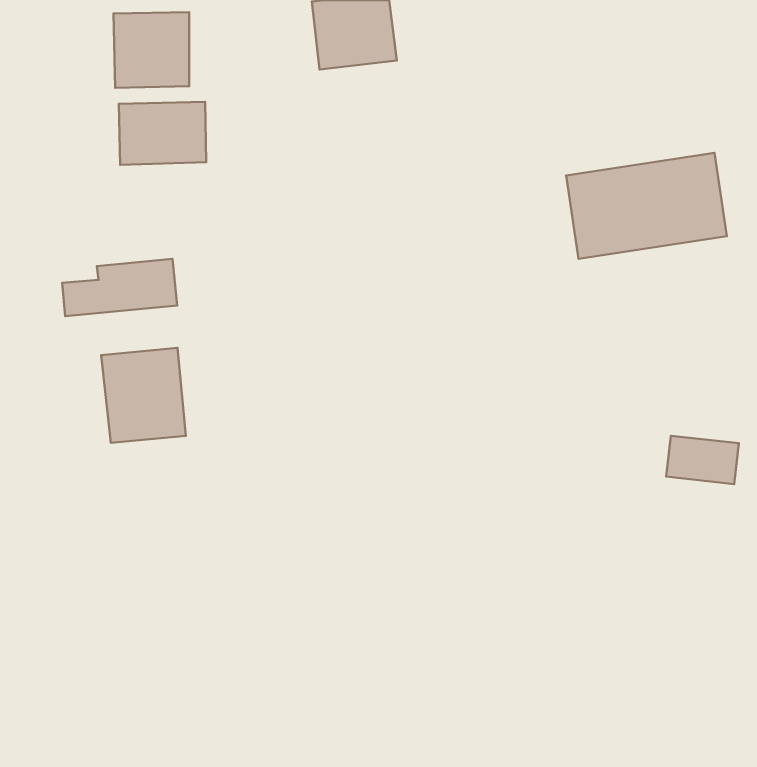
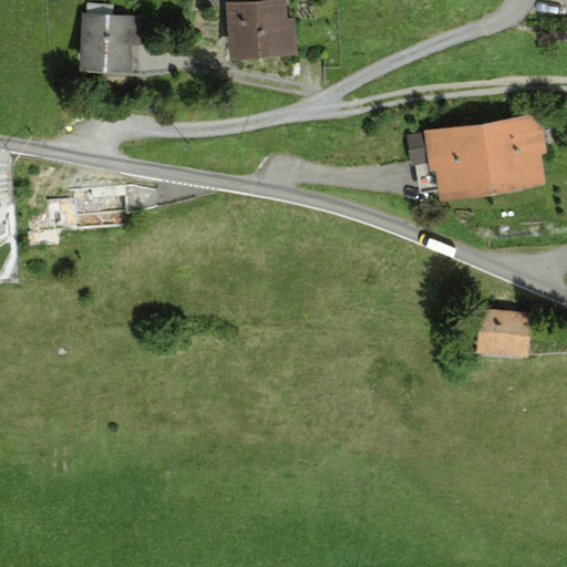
building: [119,102,206,165] -> none
building: [101,348,186,443] -> none

